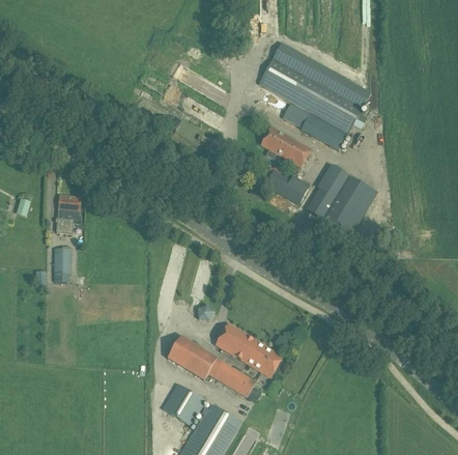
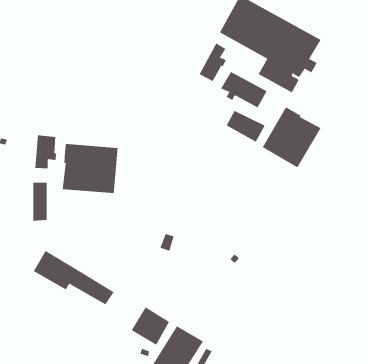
building: none -> [199,43,226,82]
building: none -> [62,143,118,194]
building: [214,324,282,378] -> none
building: [167,336,256,396] -> [33,250,114,305]

